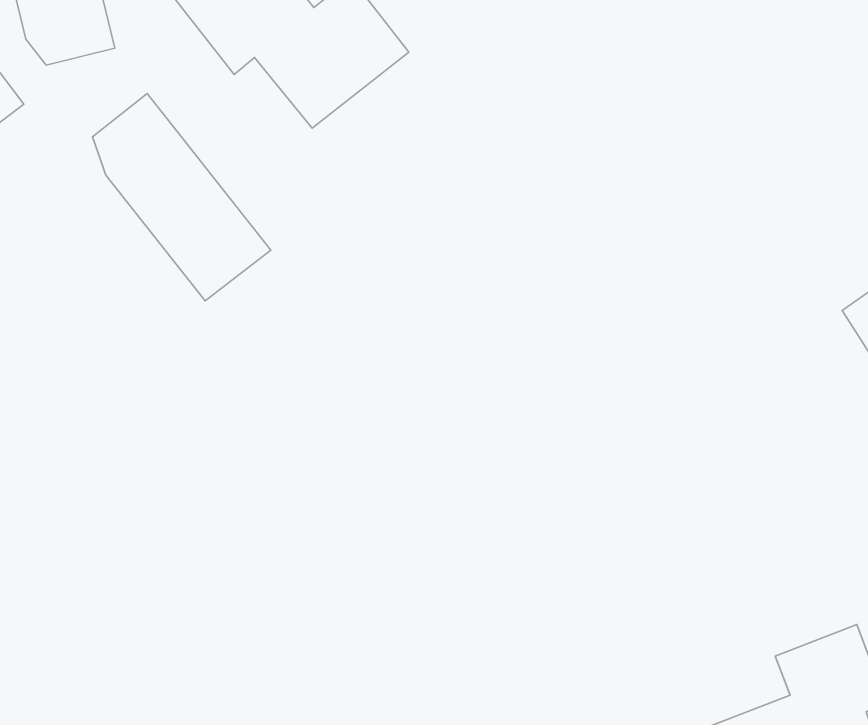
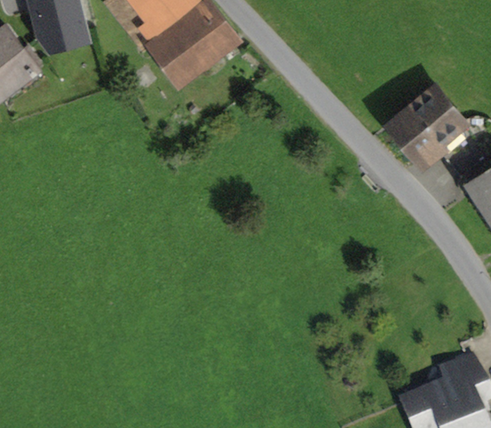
building: [93,93,271,301] -> none
building: none -> [394,82,477,163]

